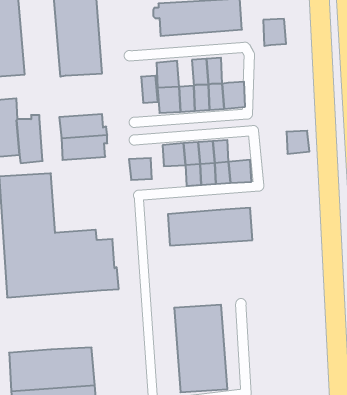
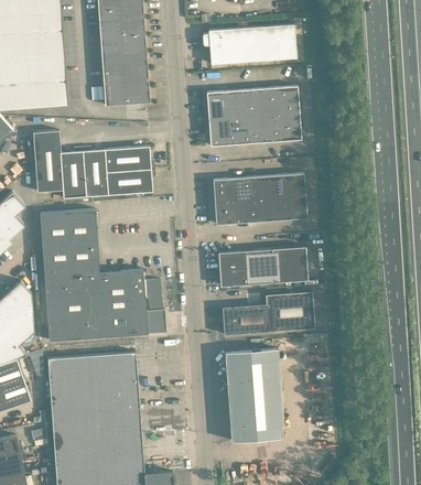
building: [263,19,286,46] -> [274,86,299,115]
building: [141,76,158,103] -> [228,89,246,118]
building: none -> [83,147,107,196]
building: [286,131,309,154] -> [281,173,305,197]
building: [129,158,152,180] -> [214,201,238,224]
building: none -> [222,291,314,334]
building: none -> [47,352,138,399]

